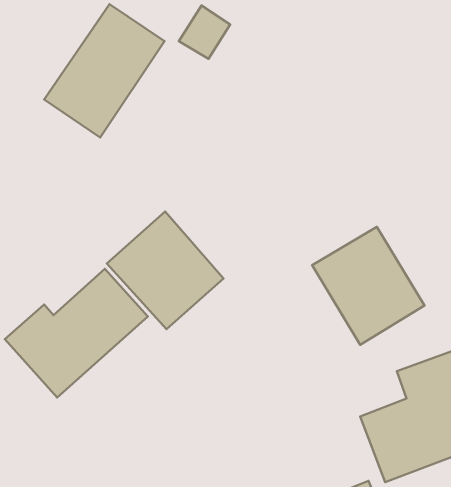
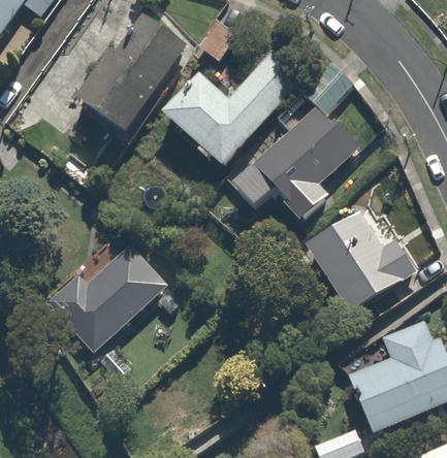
building: none -> [164,47,310,170]
building: none -> [233,104,363,220]
building: [107,211,223,329] -> none

